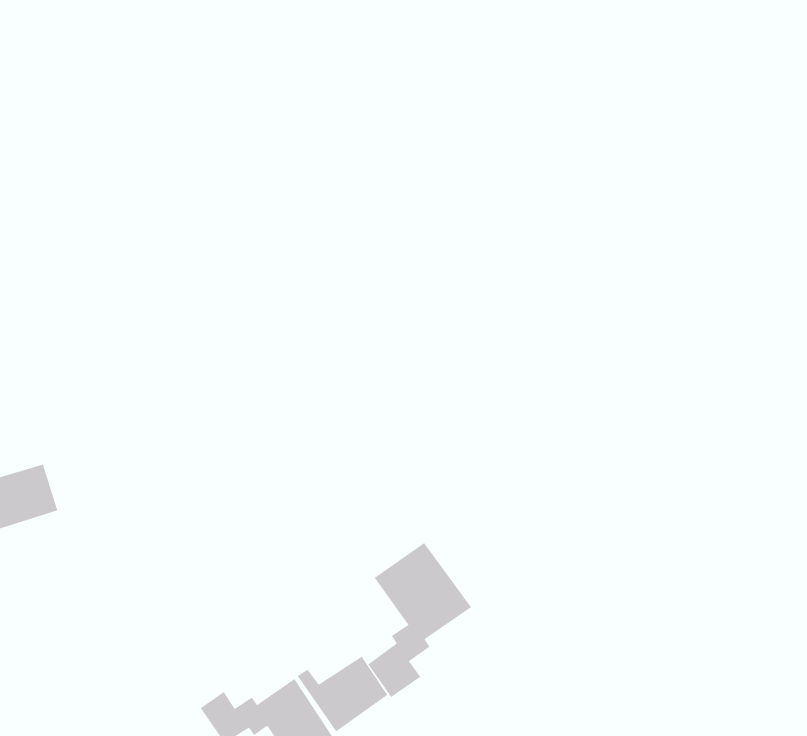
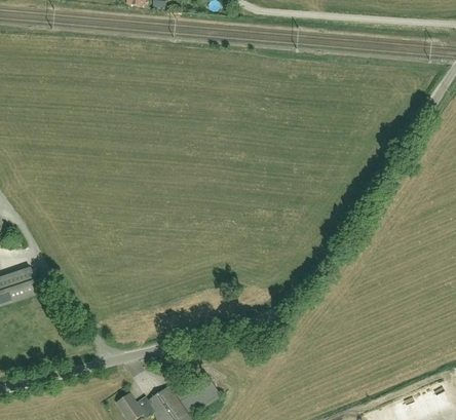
building: [368,542,472,698] -> none

